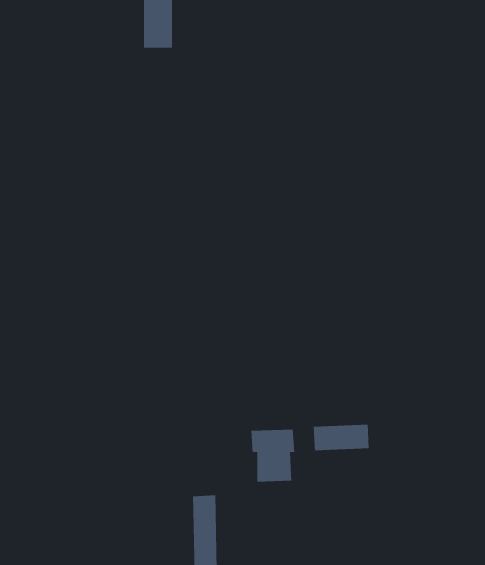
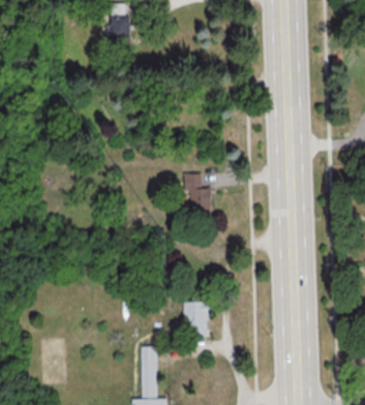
building: none -> [184,173,210,214]
building: [313,424,370,451] -> none

